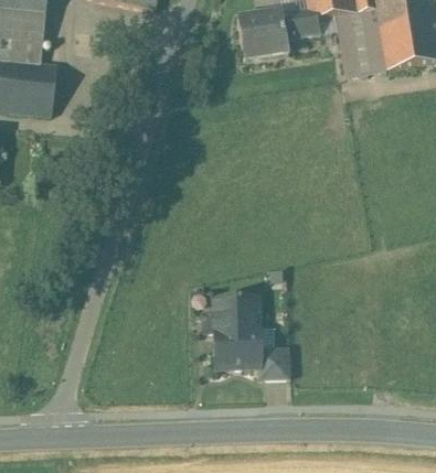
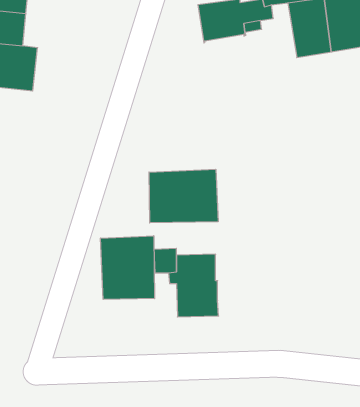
building: none -> [149,169,218,223]
building: none -> [101,236,155,299]
building: [258,348,289,378] -> none

